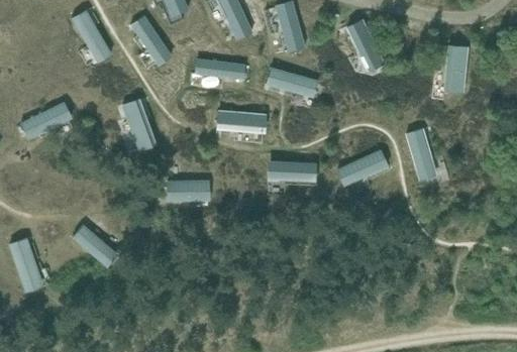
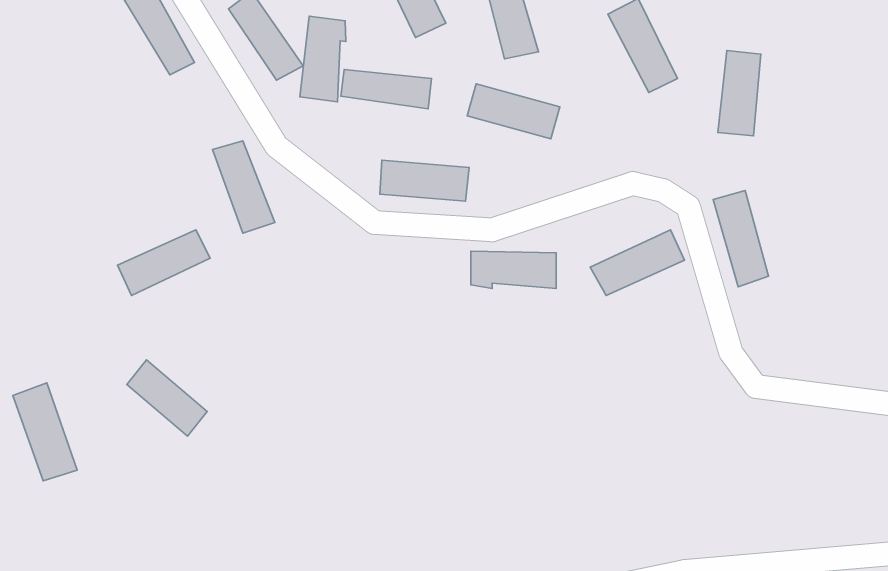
building: none -> [300,16,346,102]
building: [443,45,468,94] -> [718,51,761,136]
building: [19,103,72,140] -> [117,230,210,296]
building: [166,182,210,203] -> none

